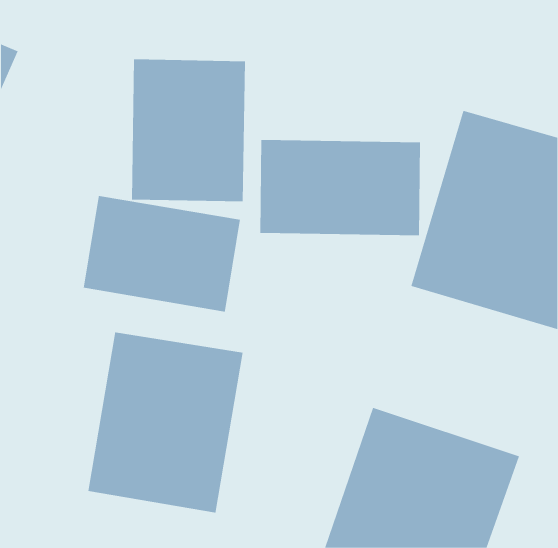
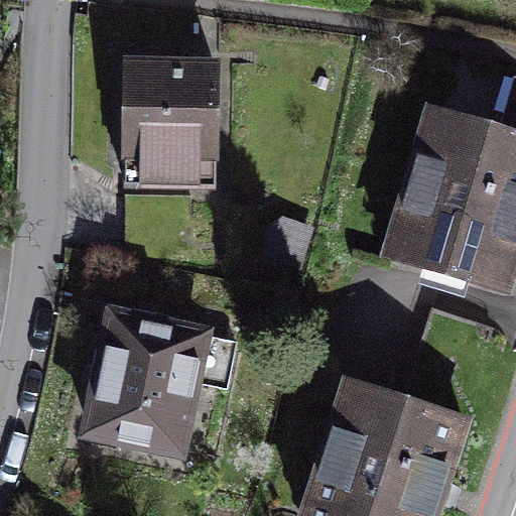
building: [260,139,420,236] -> none
building: [83,195,240,312] -> none

